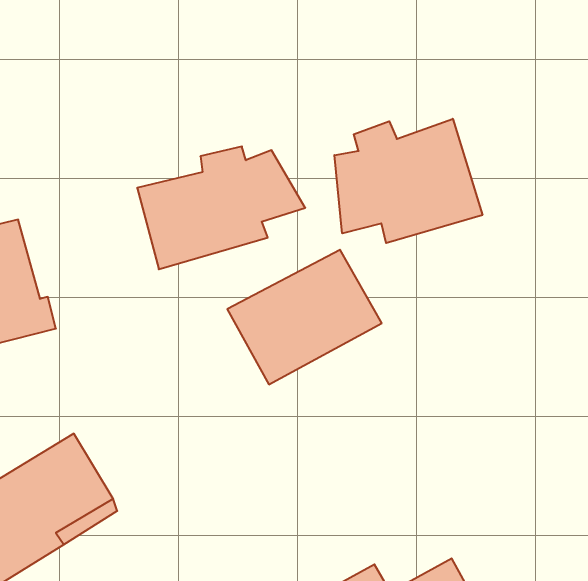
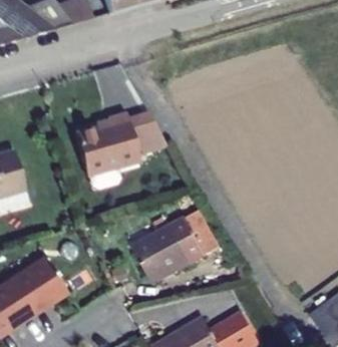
building: [334,119,482,243] -> none
building: [227,250,382,384] -> [132,217,211,285]

